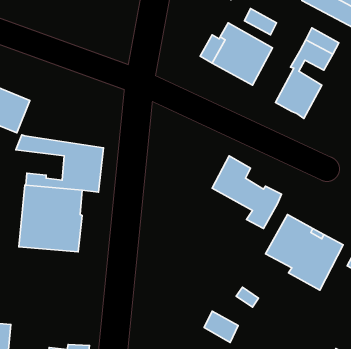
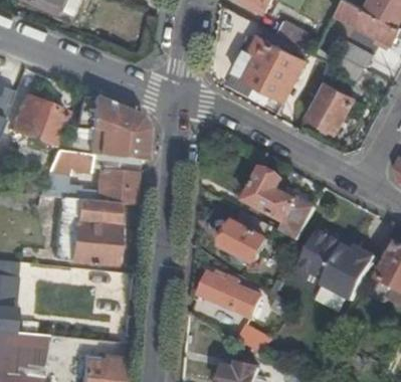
building: none -> [54,92,144,161]
building: none -> [220,222,266,263]
building: none -> [198,273,259,318]

